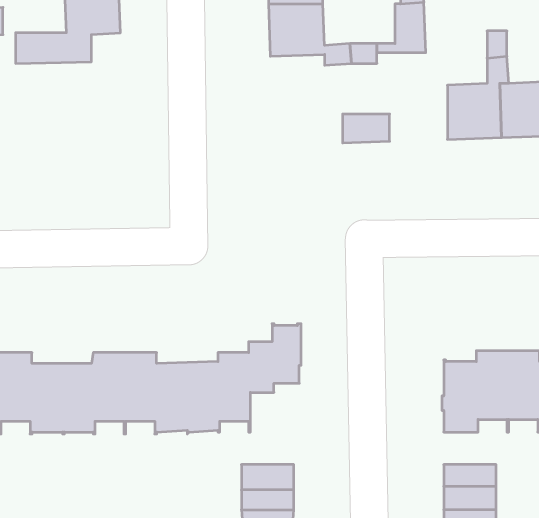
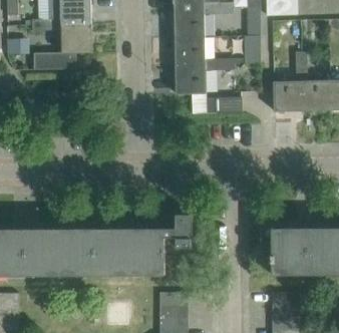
building: none -> [176,64,206,94]

